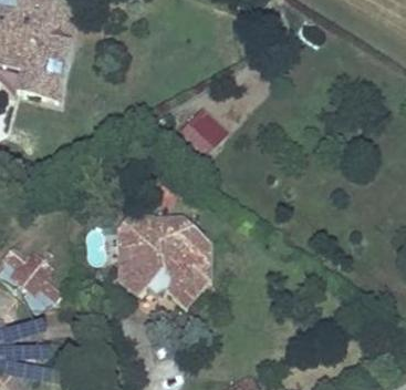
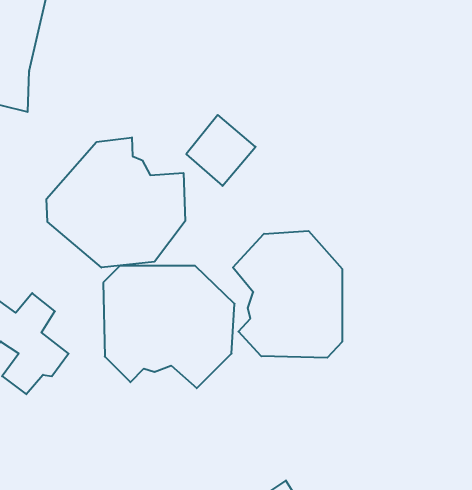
building: none -> [47,137,185,268]
building: none -> [233,231,342,358]

